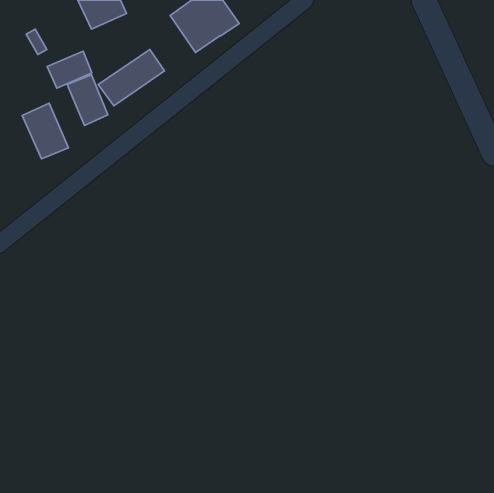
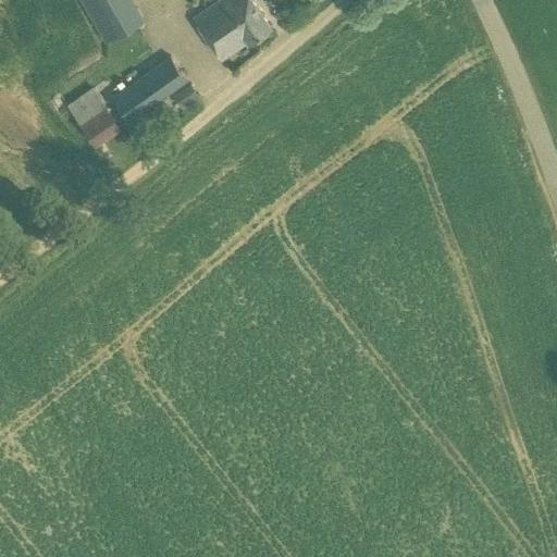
building: [47,51,92,88] -> none
building: [22,103,68,159] -> none

